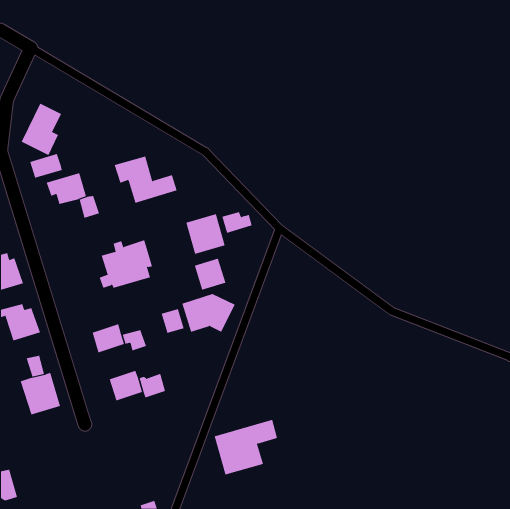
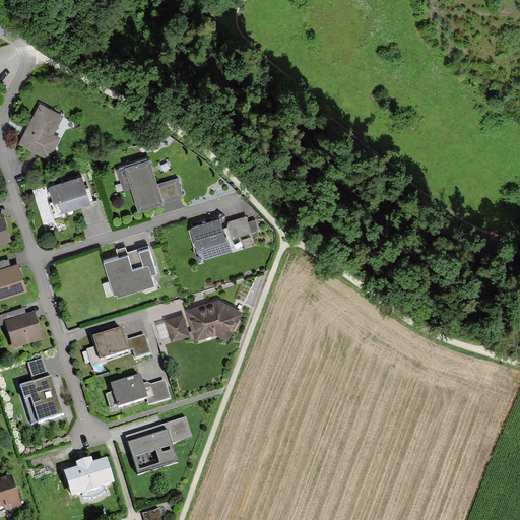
building: [30,153,62,179] -> none
building: [194,258,226,290] -> none
building: [214,419,278,475] -> [125,417,190,474]
building: none -> [63,459,113,497]

